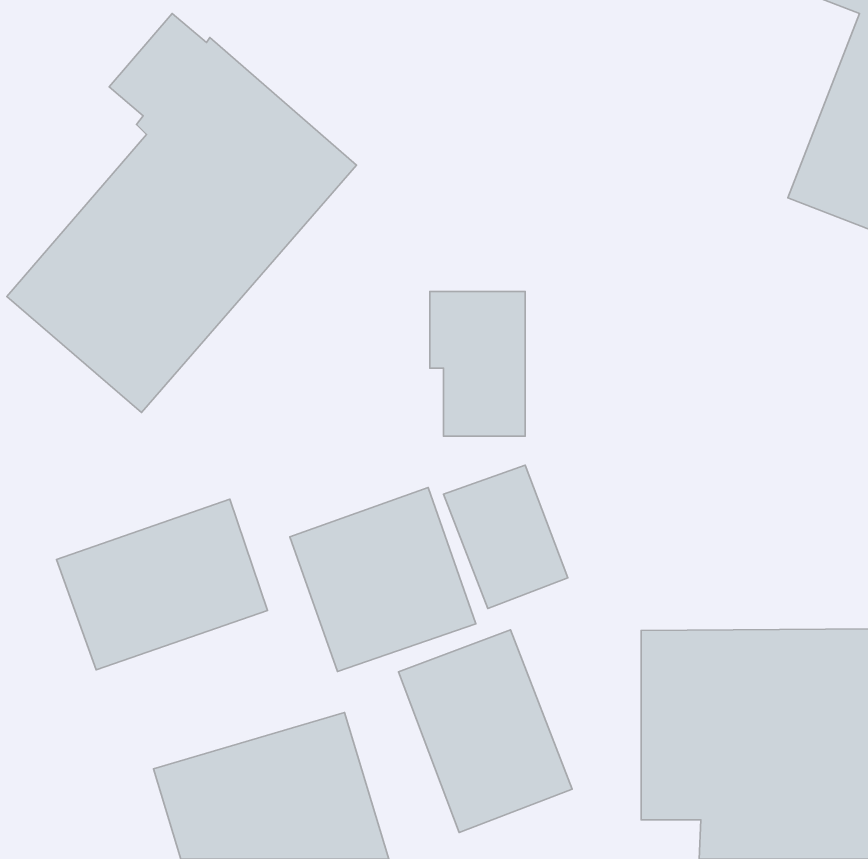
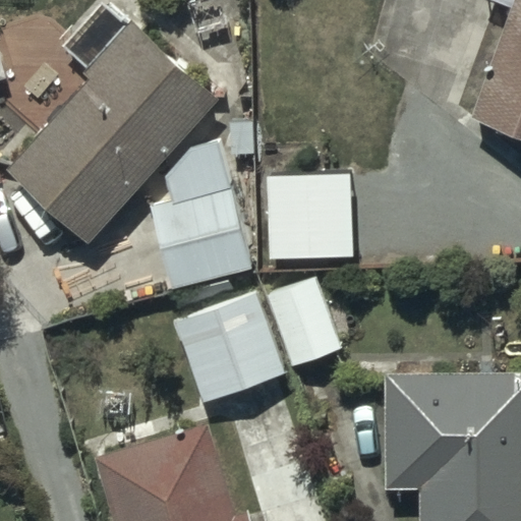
building: none -> [150,149,251,289]
building: [57,499,267,670] -> none
building: [398,630,572,833] -> none

